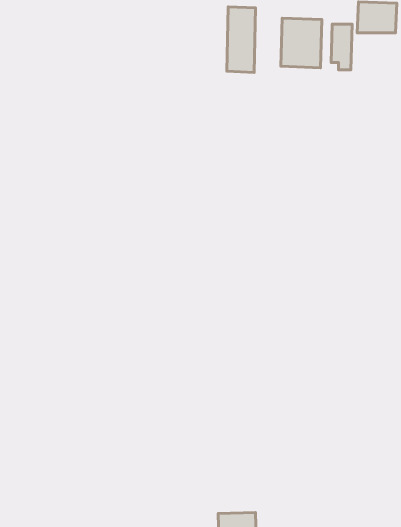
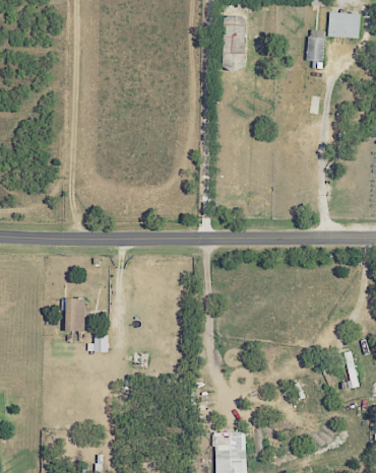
building: [281,18,322,68] -> none
building: none -> [65,297,84,330]

